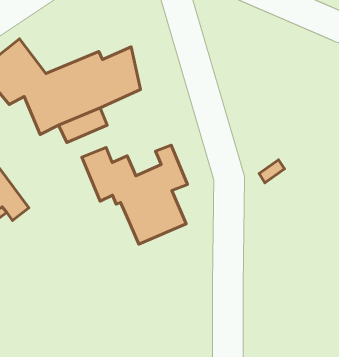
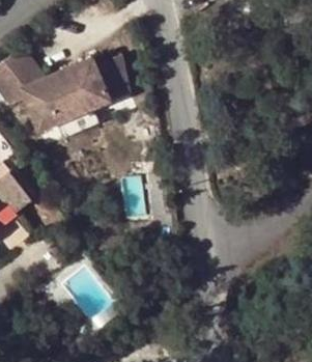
building: [82,145,188,244] -> none

